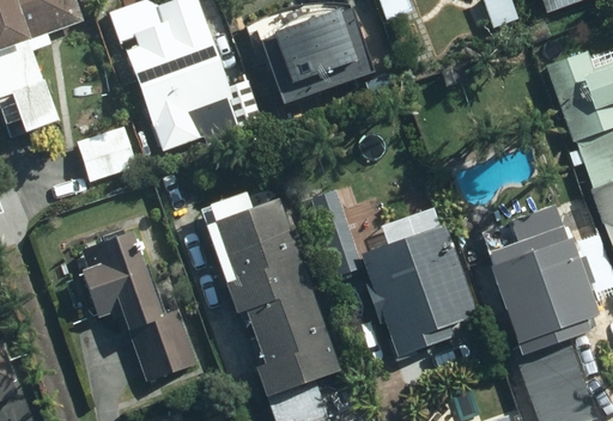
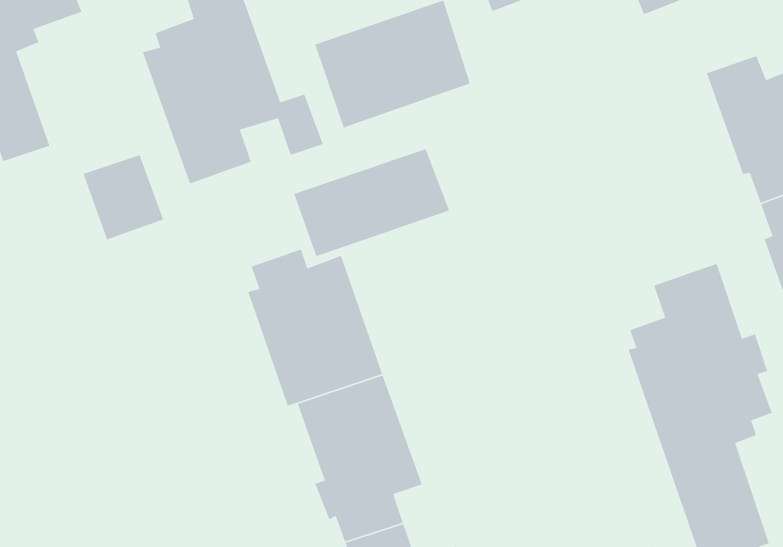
building: none -> [293,148,450,257]
building: [311,187,474,355] -> none
building: [81,231,195,376] -> none

